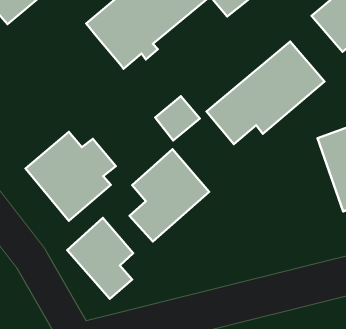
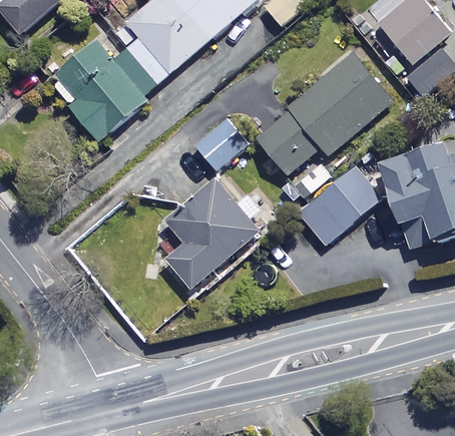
building: [25,132,116,221] -> [48,41,154,145]
building: none -> [299,166,377,243]
building: [67,218,133,299] -> none

